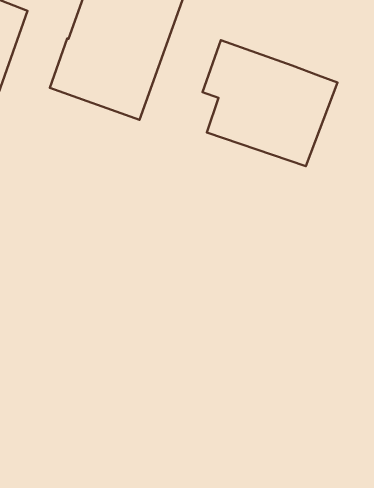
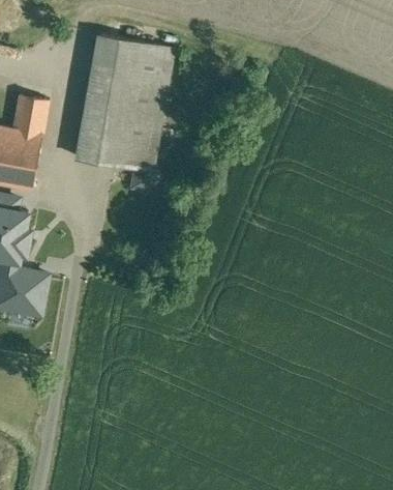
building: [202,40,337,166] -> none

